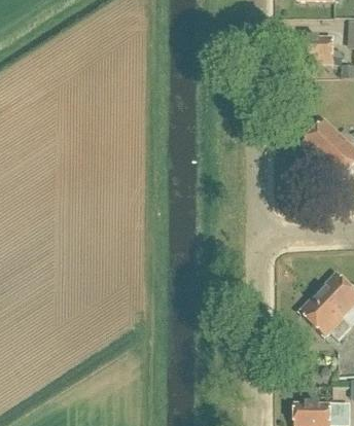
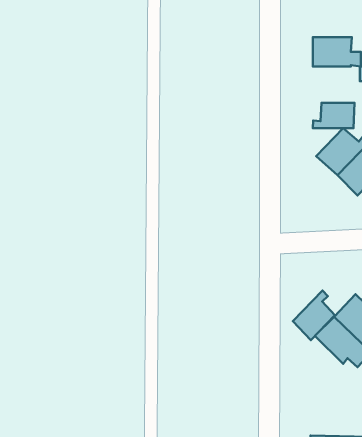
building: none -> [313,103,354,128]
building: none -> [293,290,335,340]

